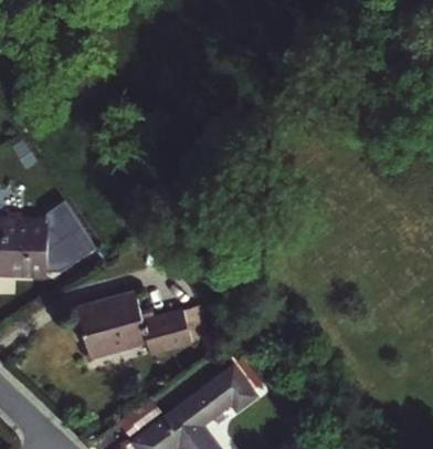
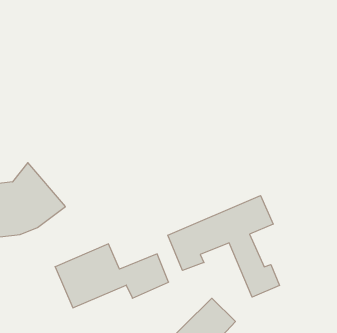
building: none -> [168,196,280,297]

